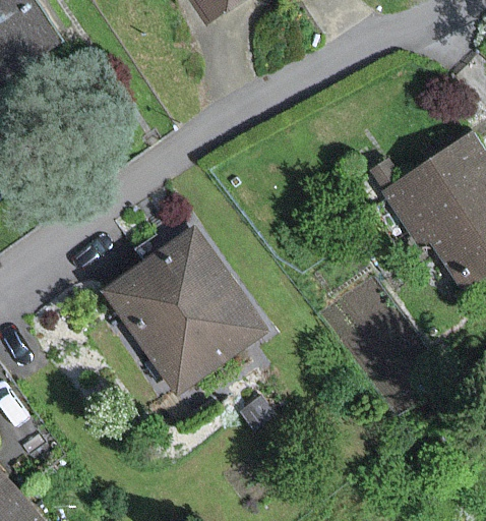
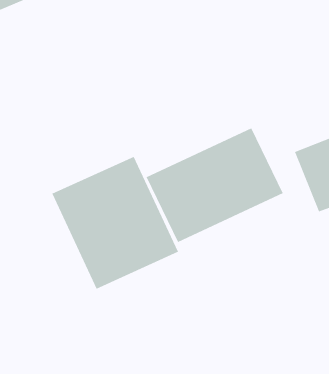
building: none -> [146,128,283,243]

